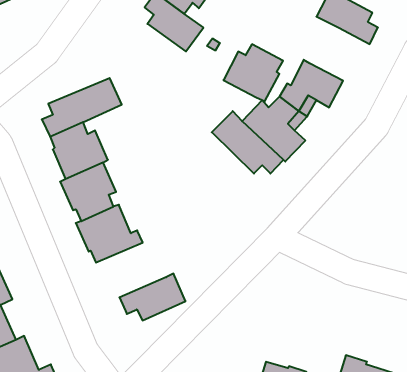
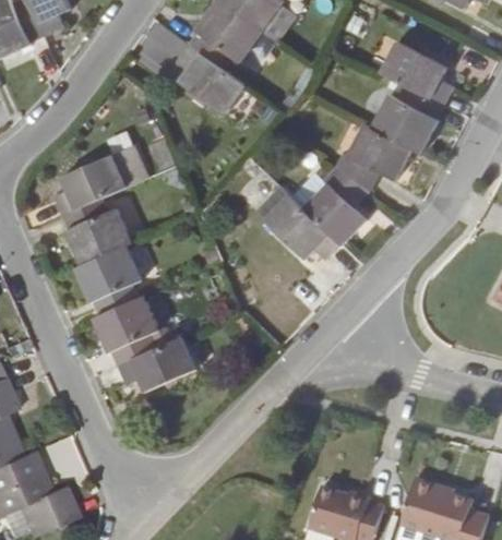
building: [223,44,283,101] -> [372,86,443,154]
building: [119,274,186,320] -> [118,337,196,393]

